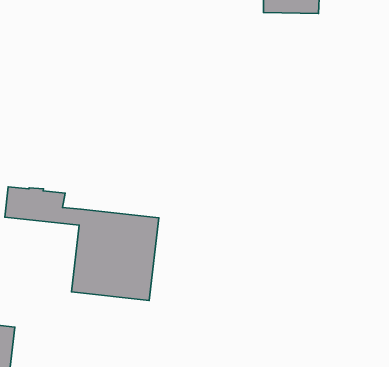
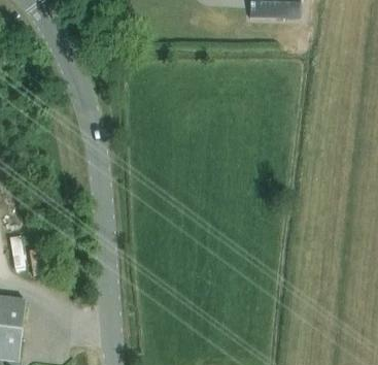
building: [5,187,159,301] -> none

